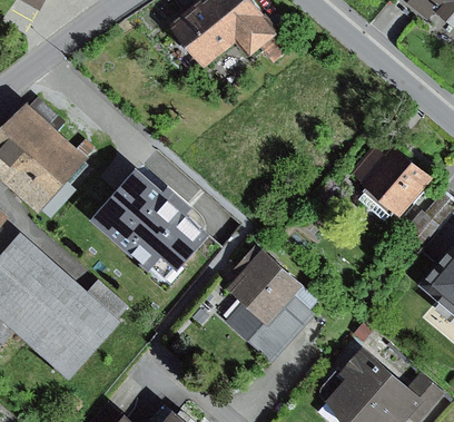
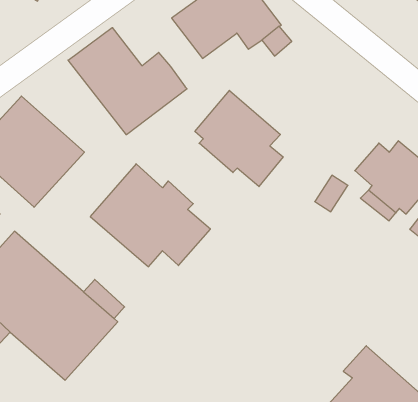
building: none -> [68,28,187,135]
building: none -> [195,90,283,187]
building: [223,248,316,365] -> none

